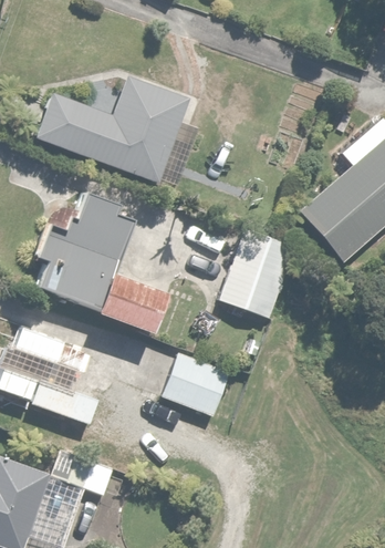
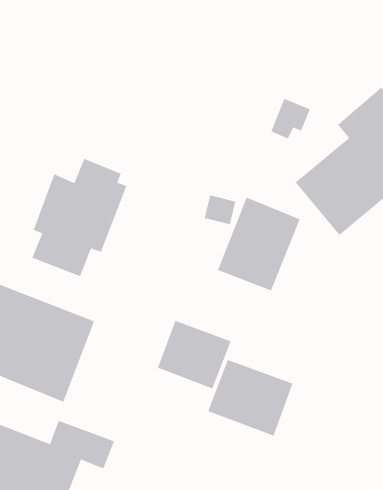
building: [33,72,206,190] -> none
building: [92,273,171,339] -> none
building: none -> [208,359,293,436]

